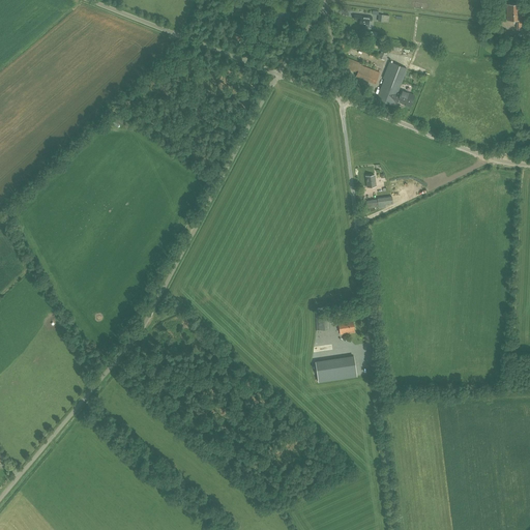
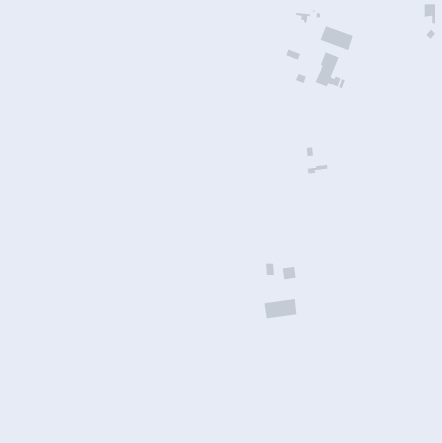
building: none -> [320,25,354,51]

